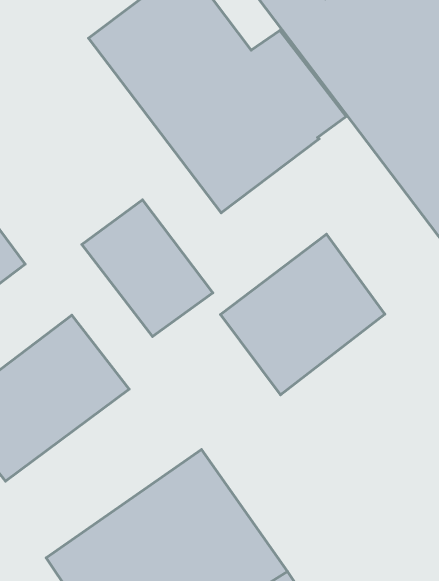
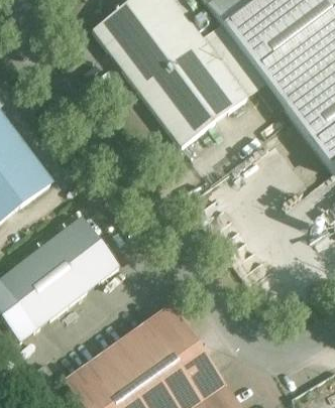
building: [82,200,213,337] -> none
building: [221,234,385,395] -> none

